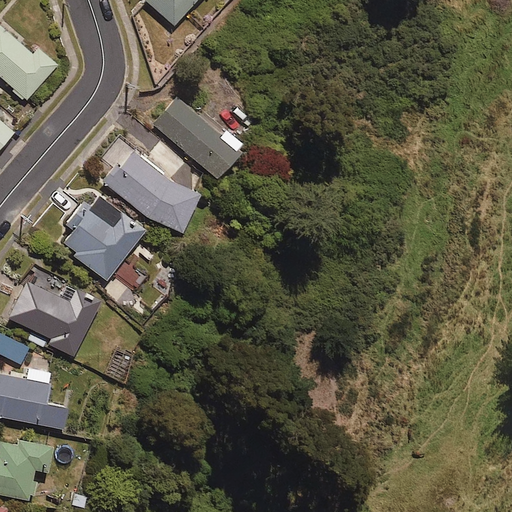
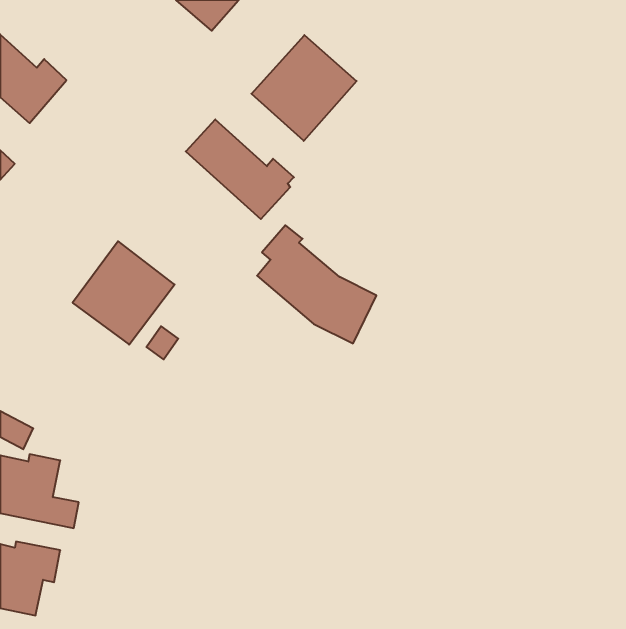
building: none -> [251,35,357,141]
building: [102,138,199,234] -> [257,225,376,343]
building: [6,281,98,357] -> none

